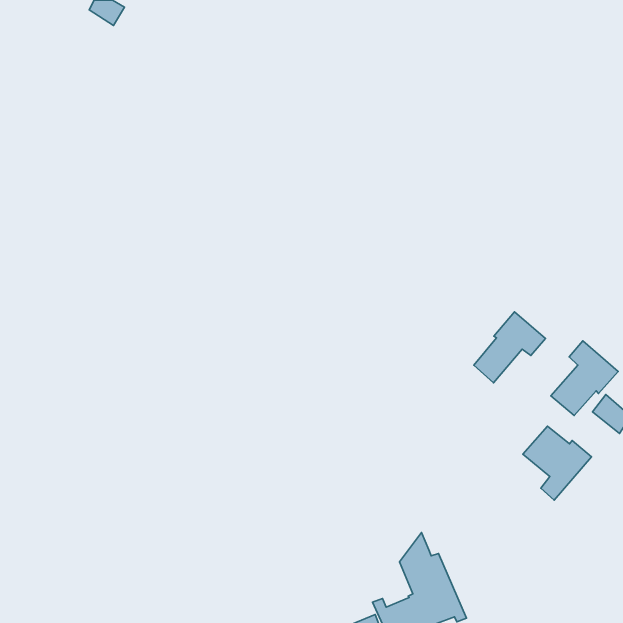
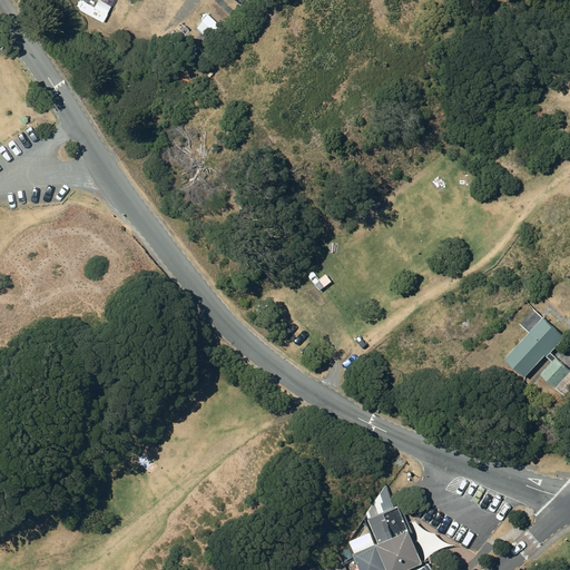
building: [474,312,546,383] -> none
building: [523,426,592,500] -> none

